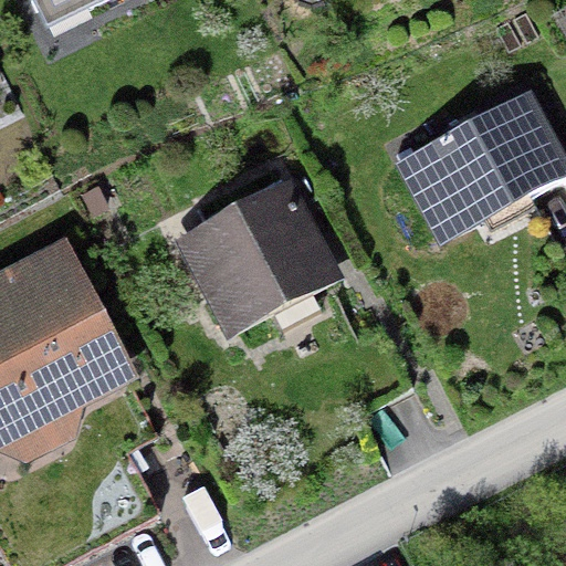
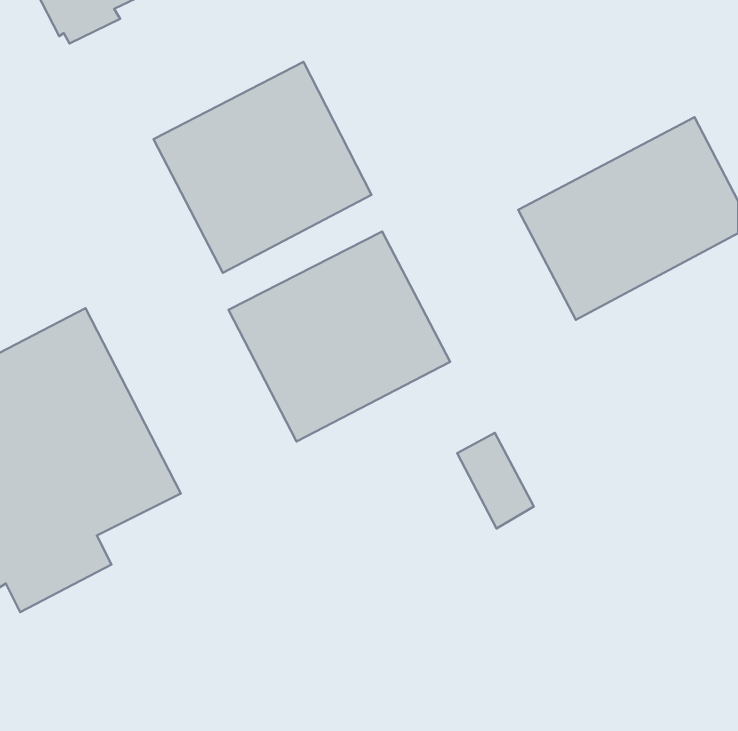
building: none -> [154,62,371,273]

